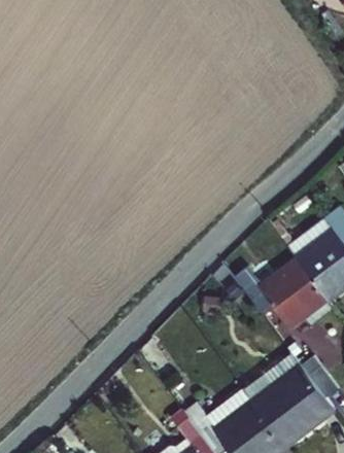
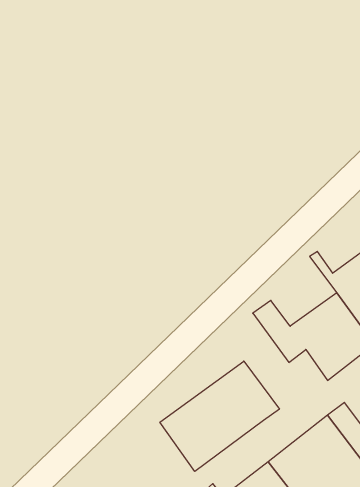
building: none -> [160,361,279,471]

